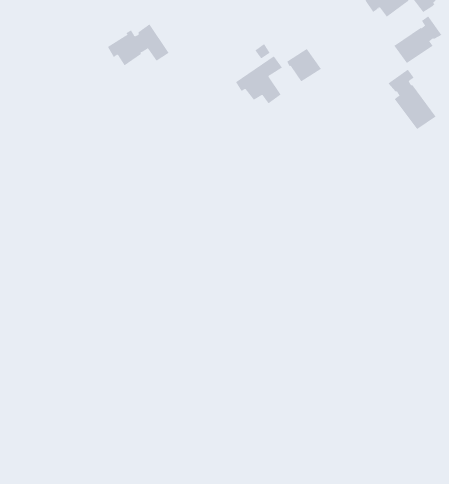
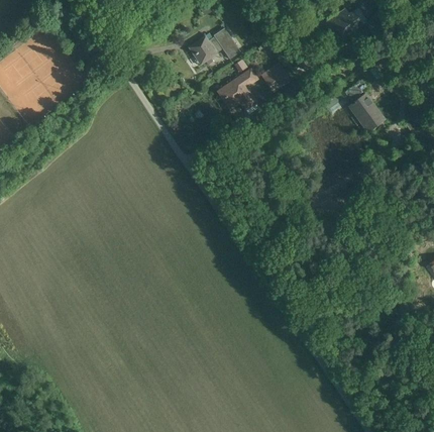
building: [393,15,442,64] -> none
building: [107,24,169,66] -> [188,28,239,64]

